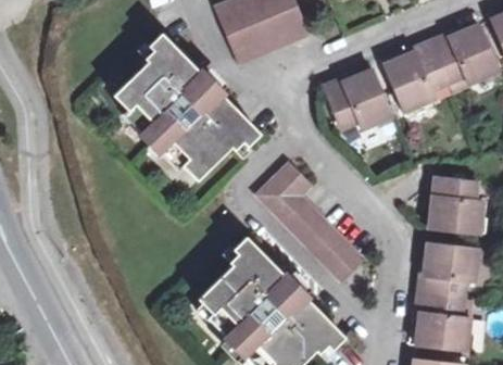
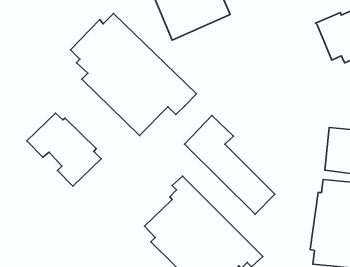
building: [382,47,440,115] -> none
building: [320,66,395,131] -> none
building: none -> [27,113,101,186]

